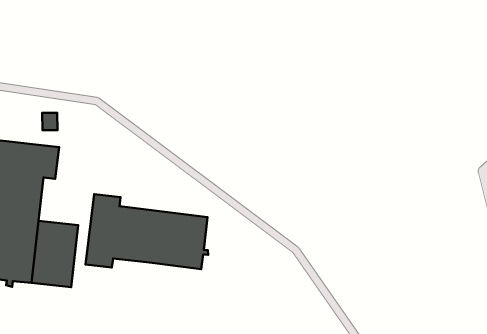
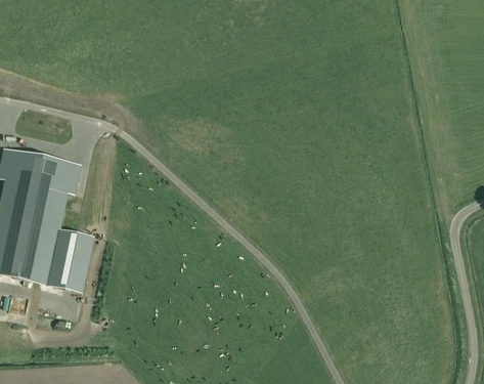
building: [85,194,208,269] -> none

